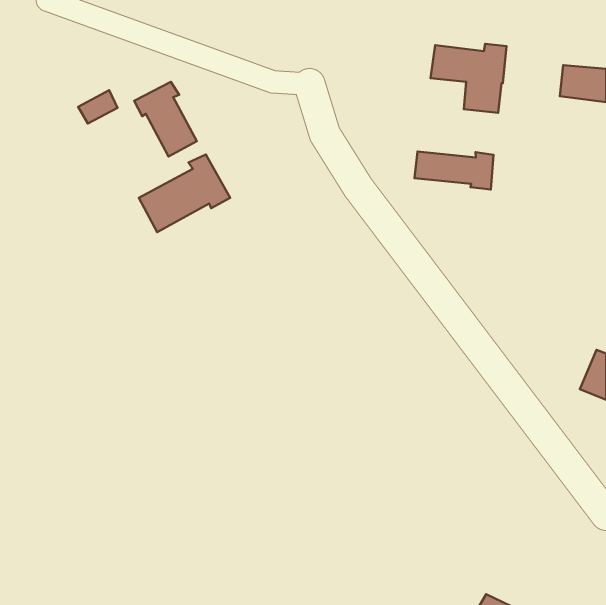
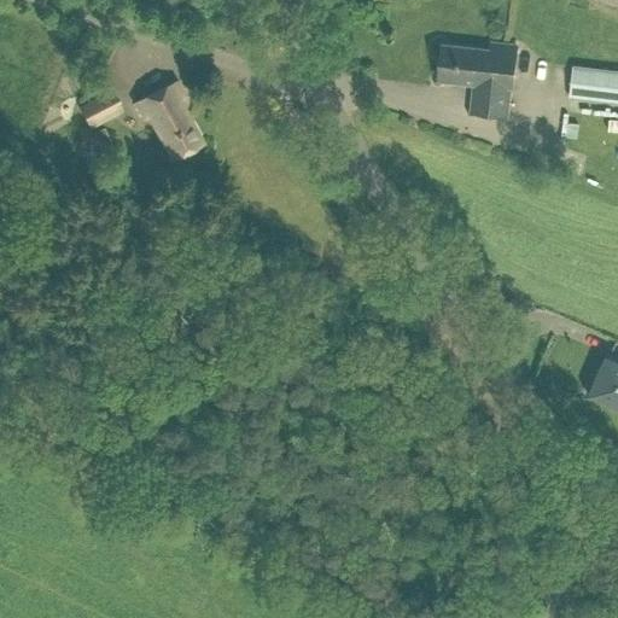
building: [415,151,494,189] -> none
building: [139,155,230,232] -> none

